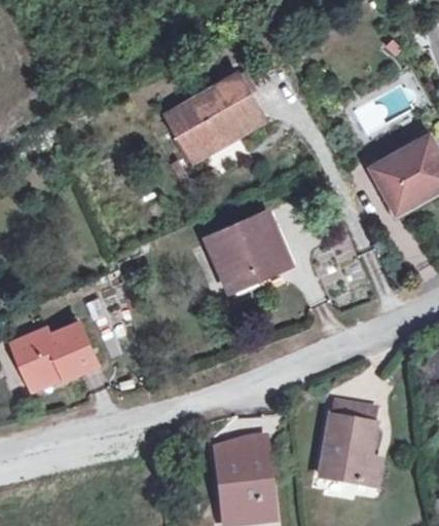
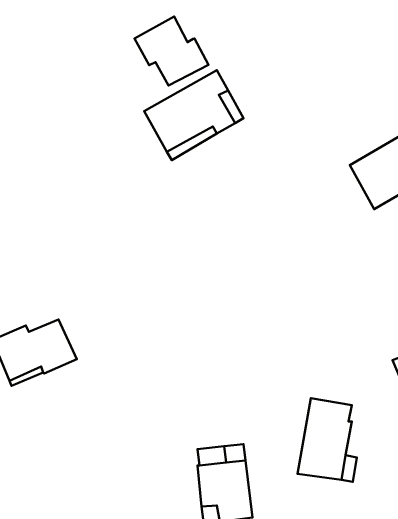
building: none -> [134,17,209,85]
building: [208,214,288,297] -> none

